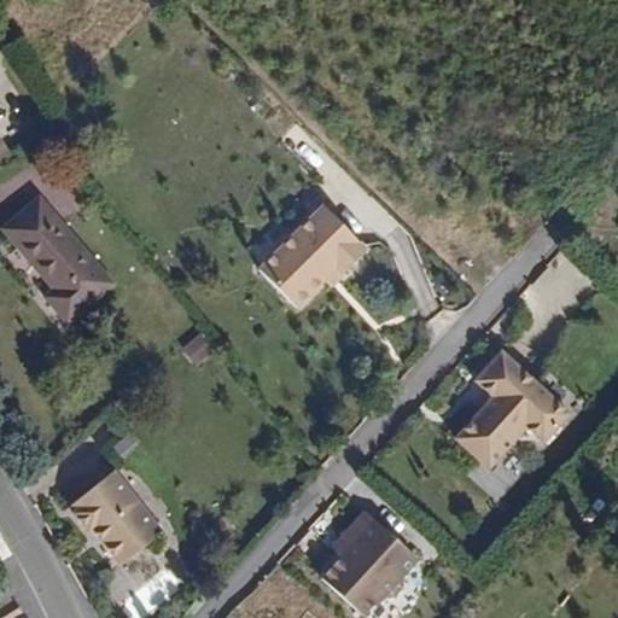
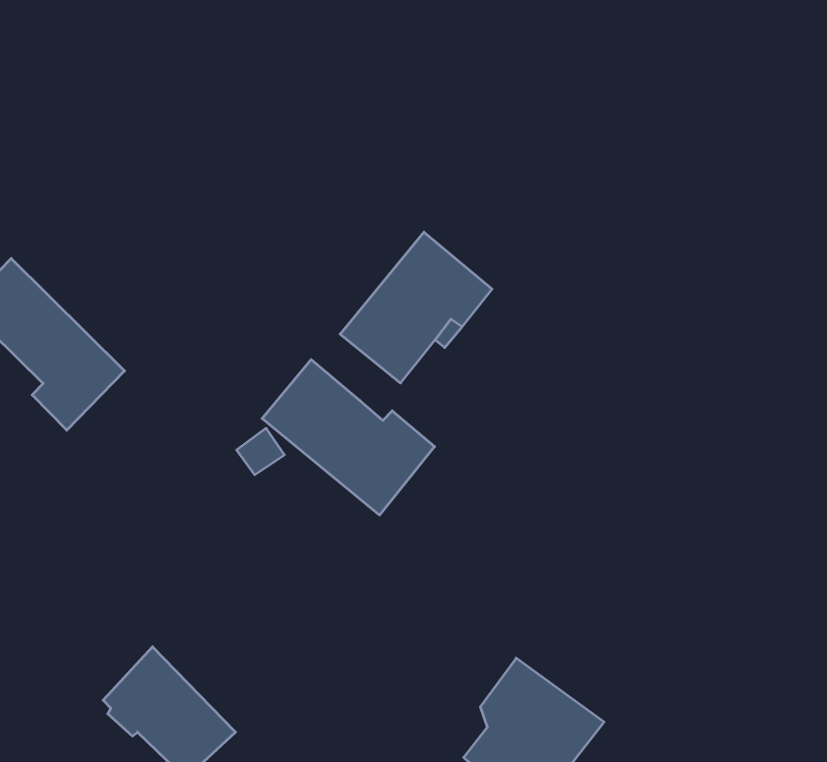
building: none -> [262,360,435,515]
building: [455,345,570,465] -> none

